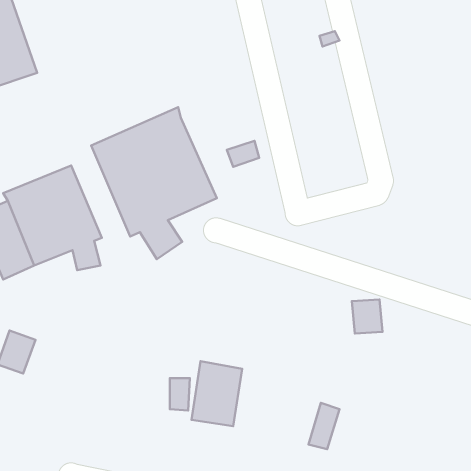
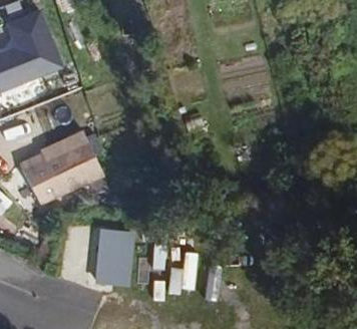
building: [91,107,217,259] -> none
building: none -> [96,229,132,286]

